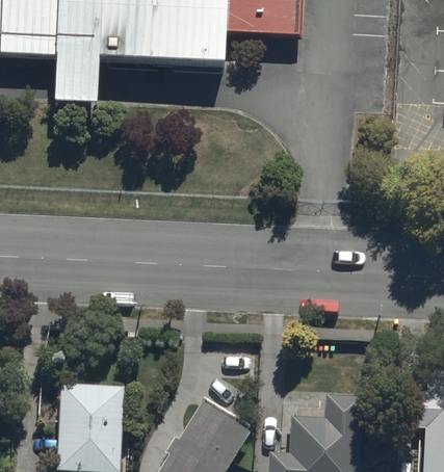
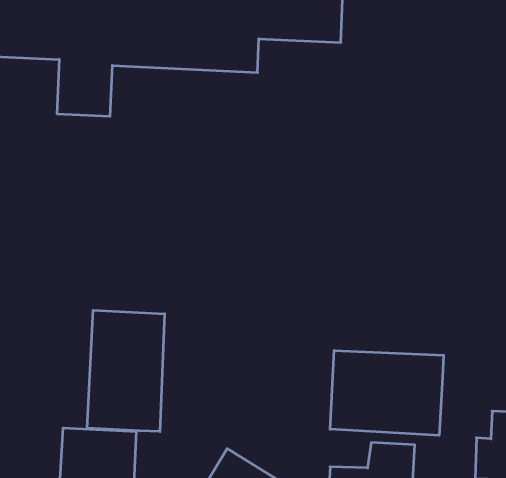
building: none -> [87,310,165,432]
building: none -> [330,350,444,435]

